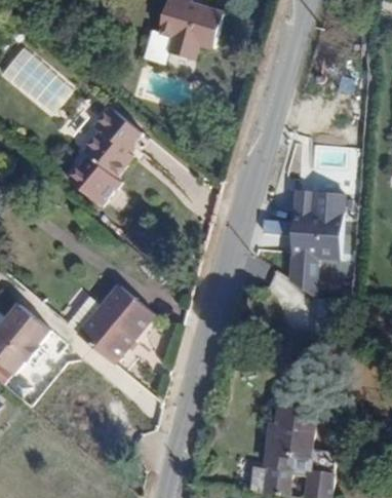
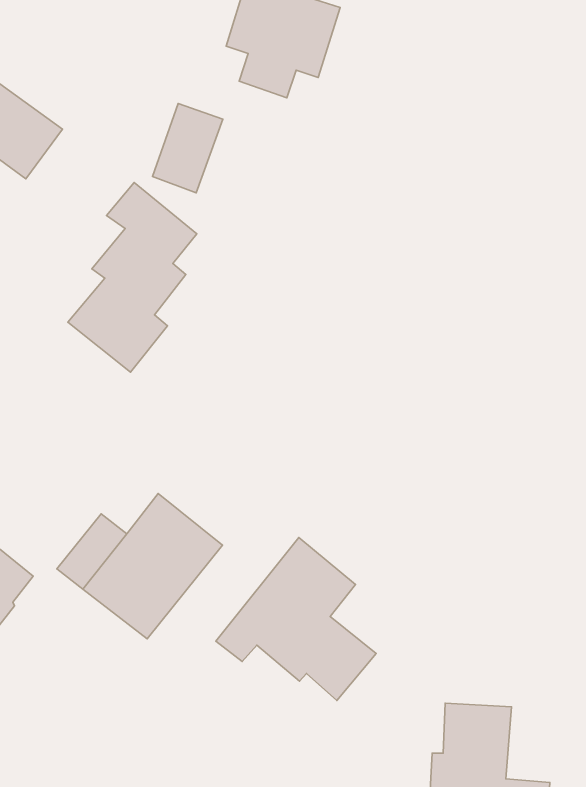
building: none -> [152,103,223,193]
building: [286,190,340,296] -> none
building: none -> [216,537,376,700]

